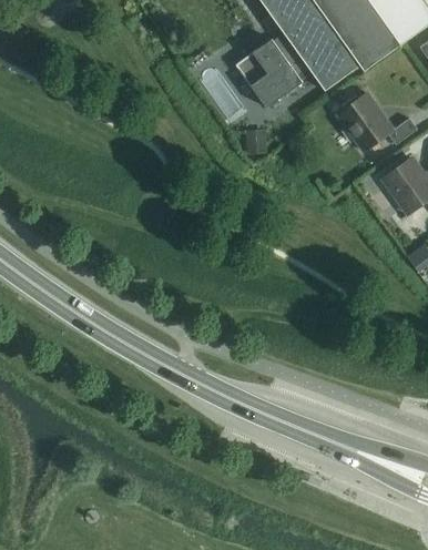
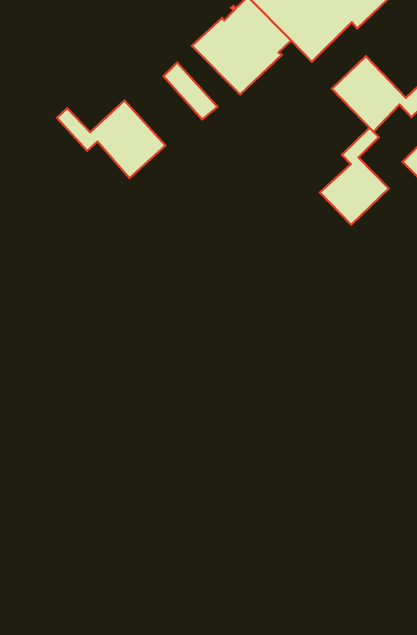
building: none -> [57,101,166,178]
building: none -> [320,128,389,225]

